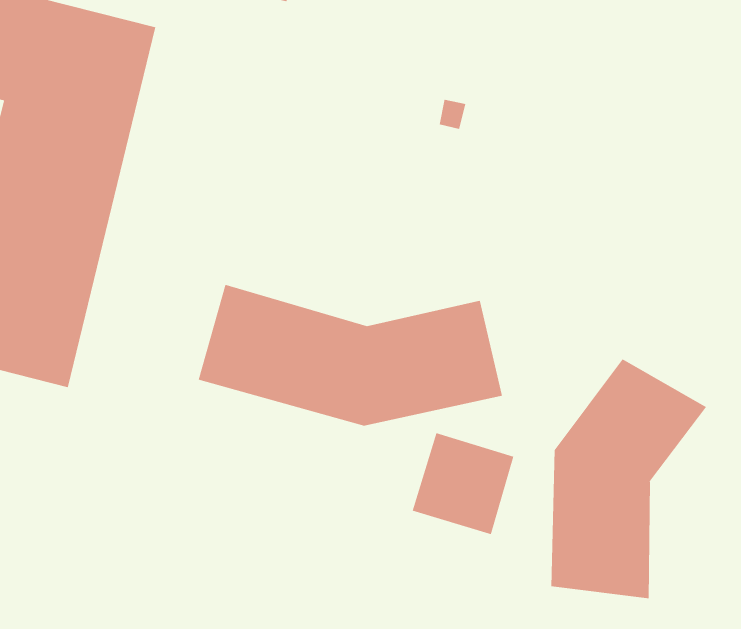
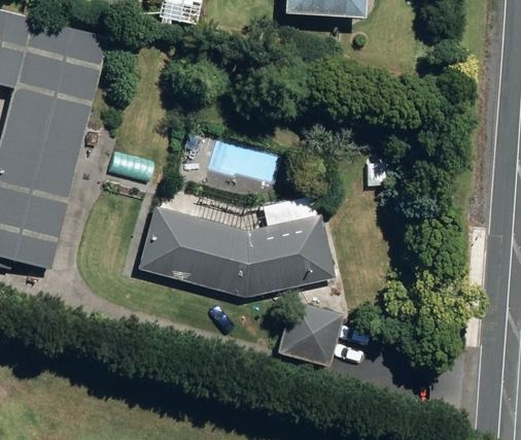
building: [551,358,707,599] -> none

